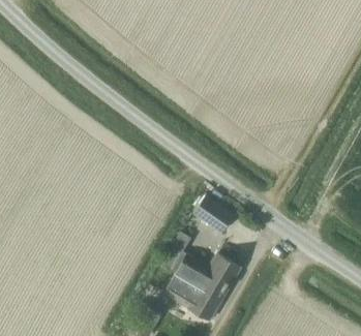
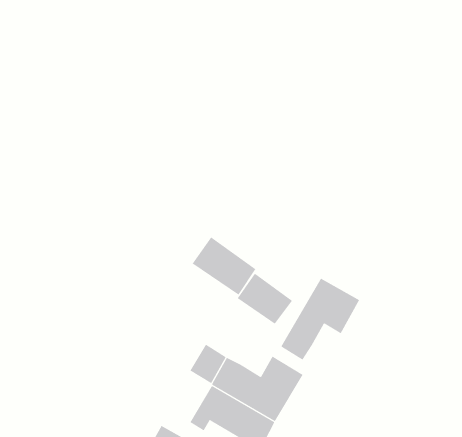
building: none -> [192,236,256,296]
building: none -> [281,278,360,360]

